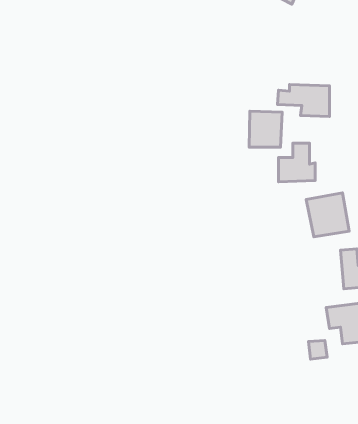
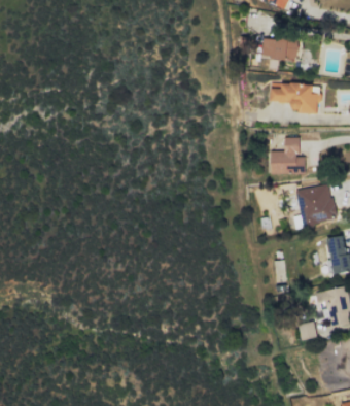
building: none -> [261,39,299,60]
building: [249,111,282,147] -> none

